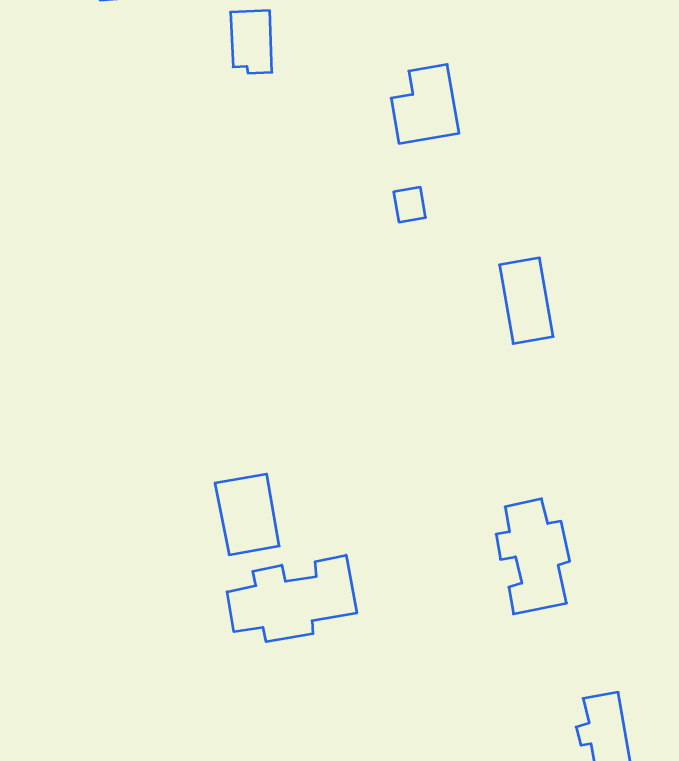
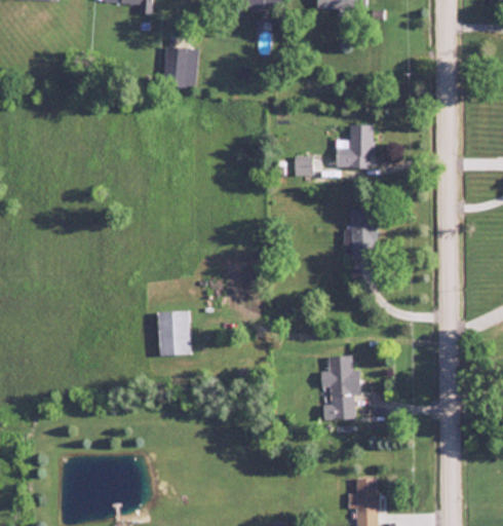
building: [230,11,272,73] -> [162,45,190,85]
building: [391,64,459,143] -> [336,125,373,167]
building: [227,555,357,642] -> none

